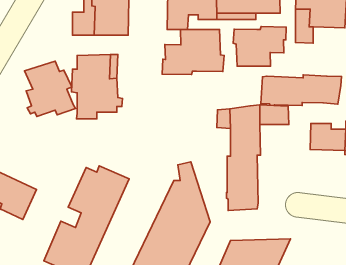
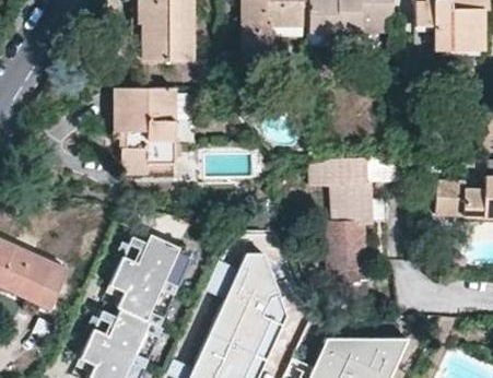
building: [233,27,286,66] -> none
building: [162,29,224,75] -> none
building: [25,61,76,116] -> none
building: [261,75,341,105] -> none

